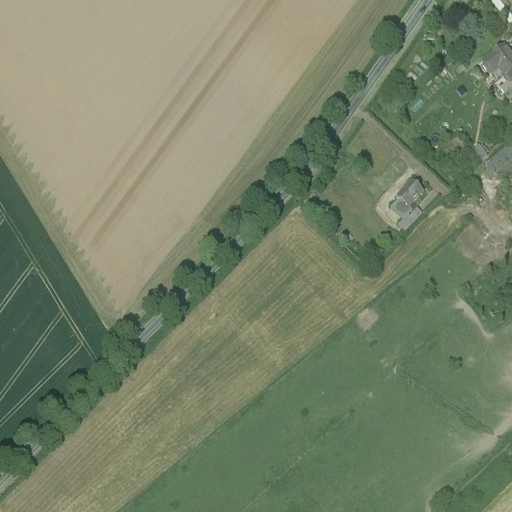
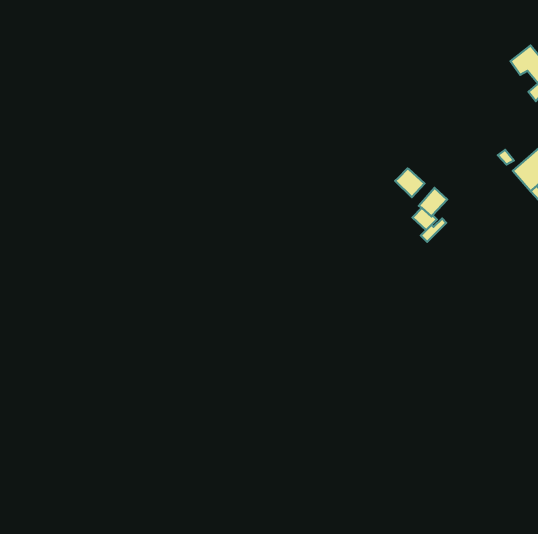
building: none -> [395,168,424,197]

